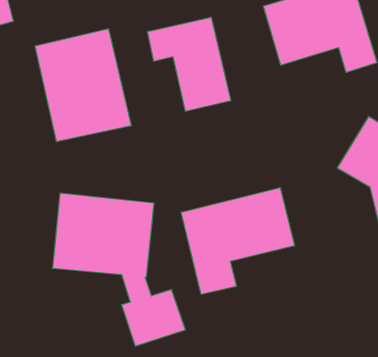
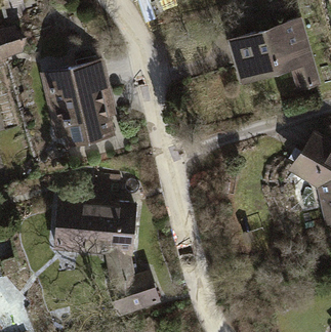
building: [147,17,231,111] -> none
building: [181,187,295,294] -> none

